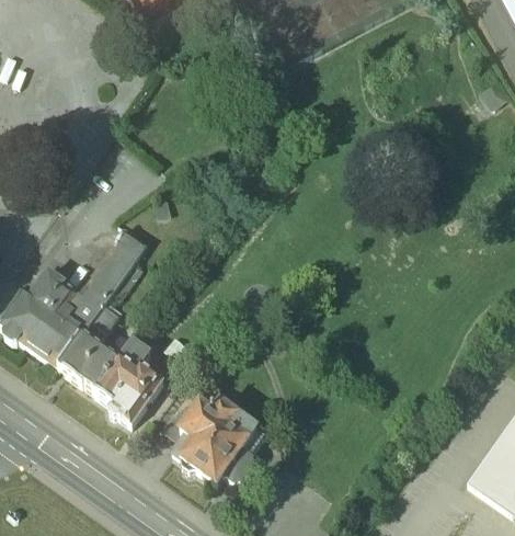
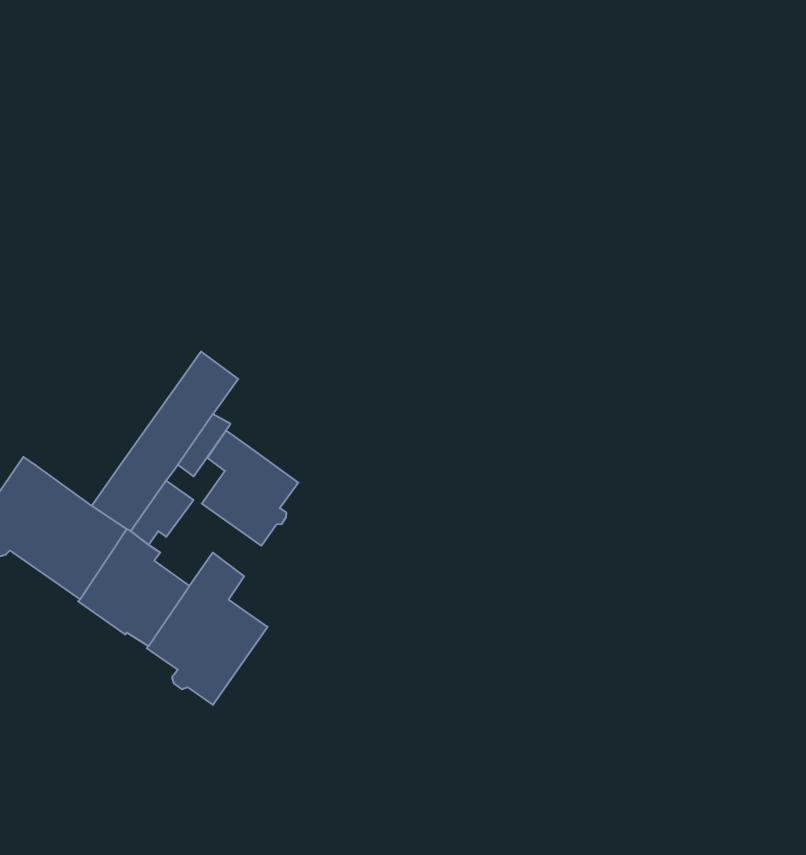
building: [34,262,81,310] -> none
building: none -> [202,431,298,546]
building: [173,400,266,483] -> none

